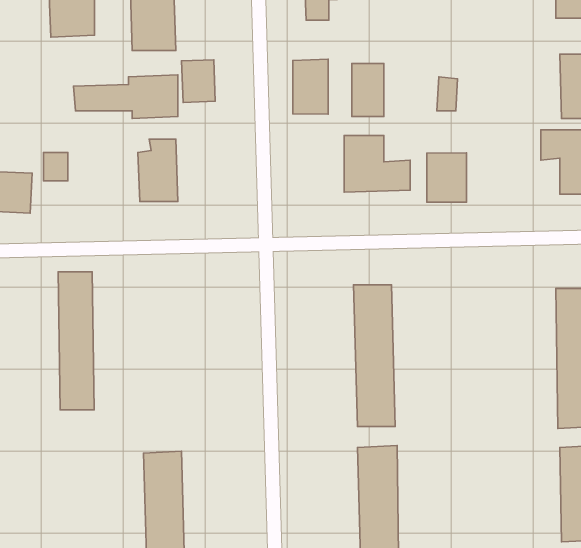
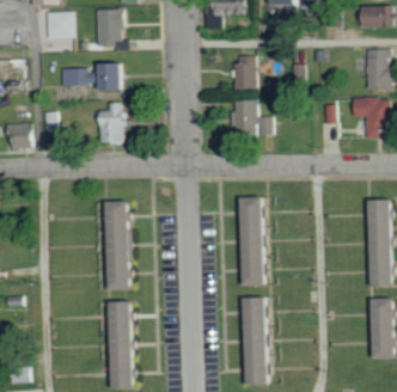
building: [293,59,328,114] -> none
building: [182,60,215,102] -> none
building: [427,153,466,202] -> none
building: [58,272,94,410] -> [104,201,127,288]

